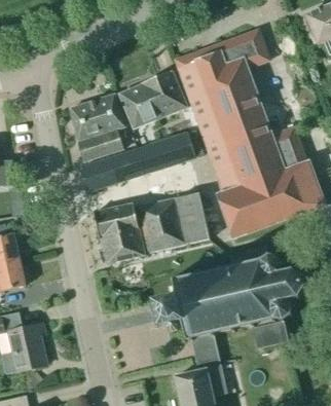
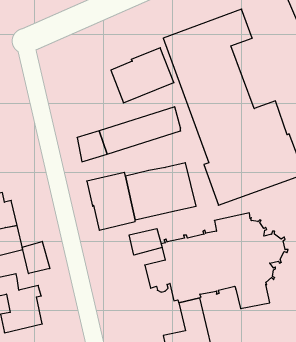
building: [70,94,124,161] -> none
building: none -> [129,229,162,255]
building: none -> [22,241,50,274]

